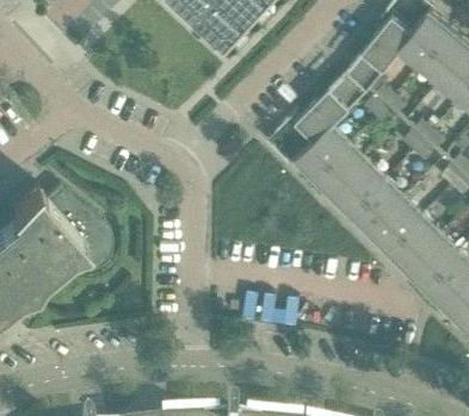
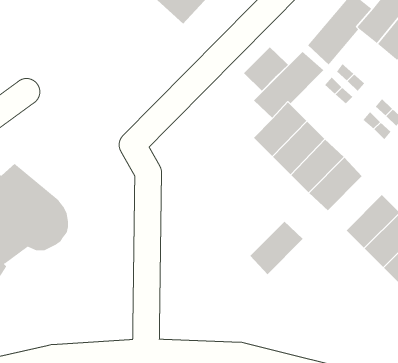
building: none -> [243,46,289,92]
building: [368,192,421,246] -> [249,221,304,275]

